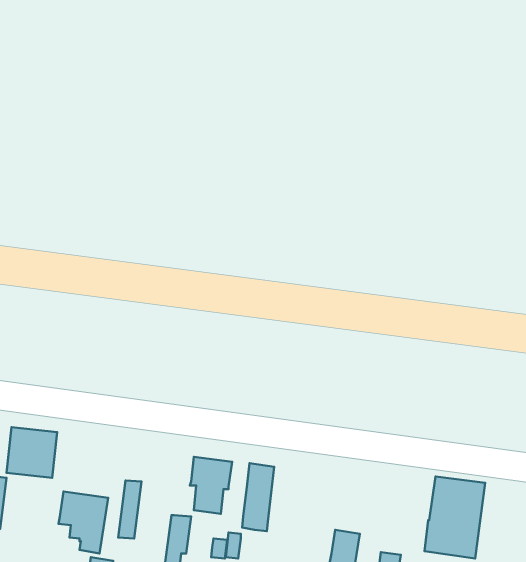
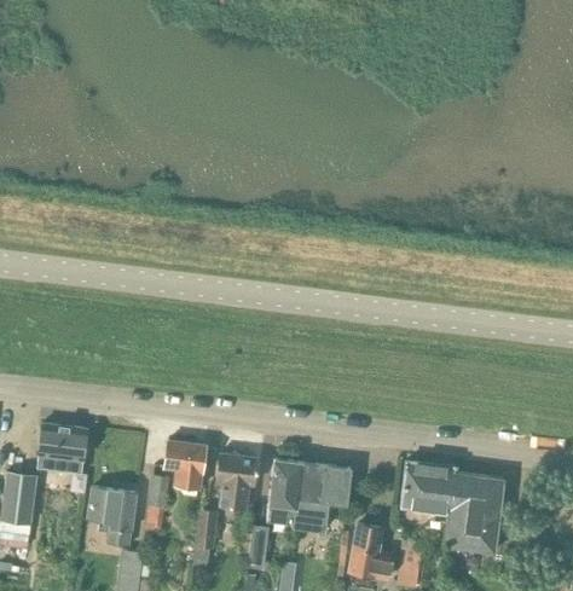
building: none -> [164,440,207,488]
building: none -> [400,462,456,515]
building: none -> [291,463,351,532]

